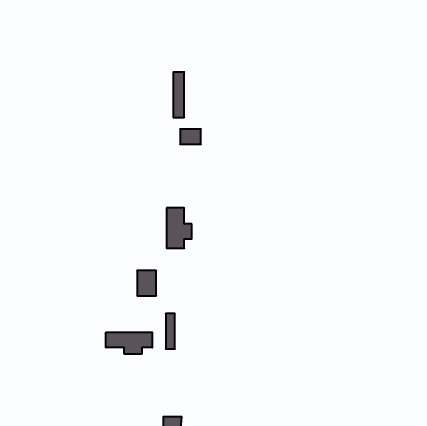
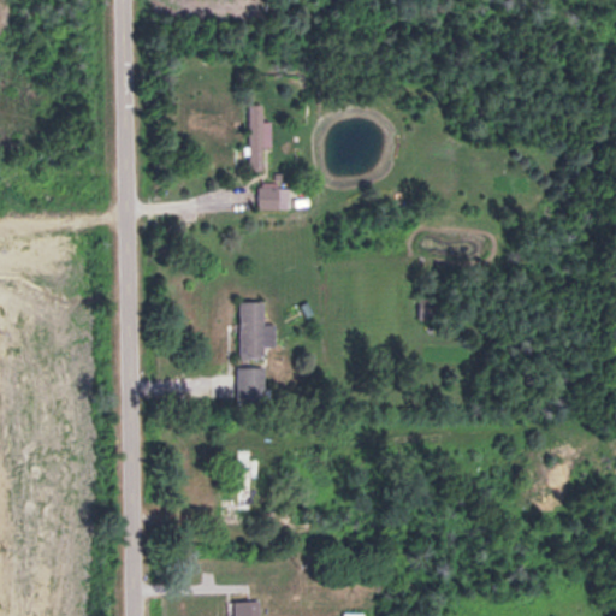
building: [137,271,156,296] -> [238,367,266,403]
building: [106,332,152,354] -> none

